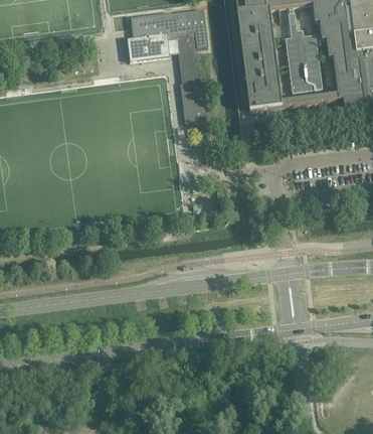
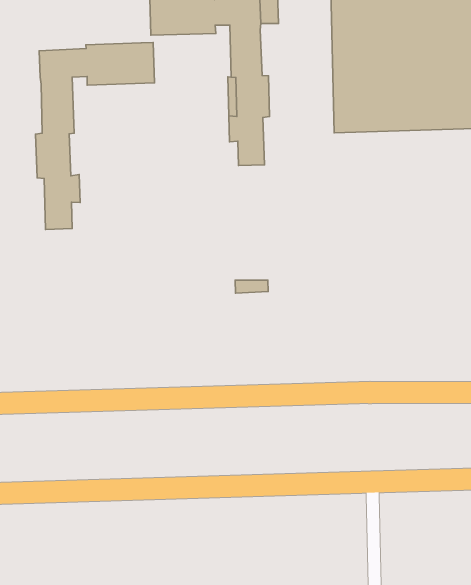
building: none -> [35,42,154,229]

